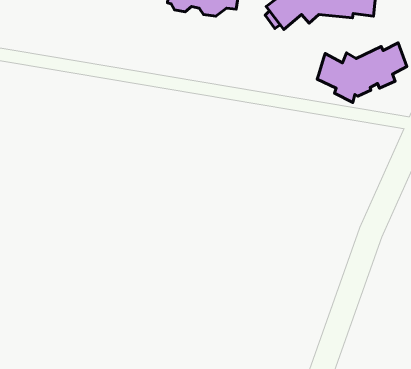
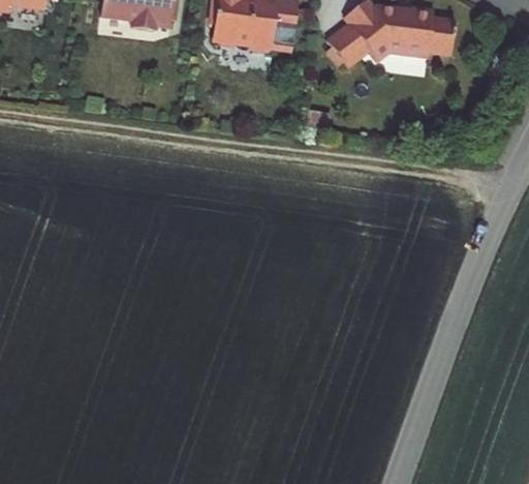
building: [317,43,407,102] -> none

